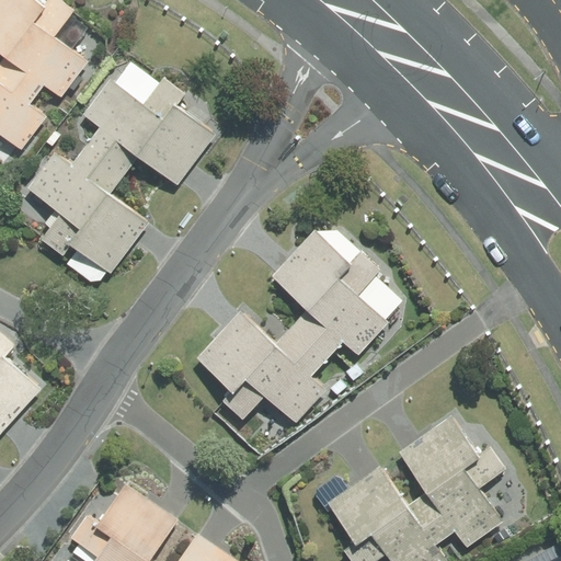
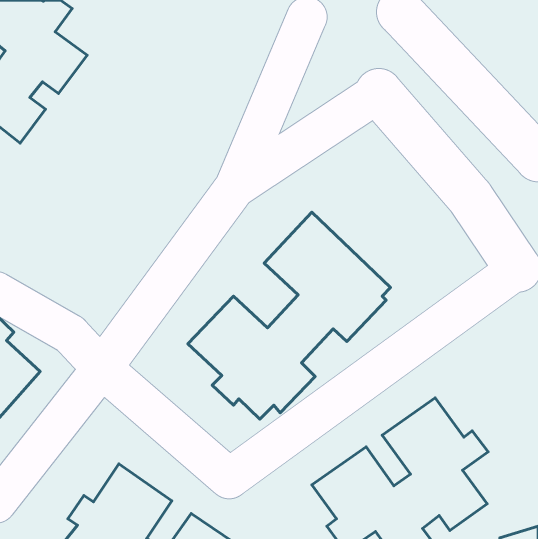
building: [26,58,218,286] -> none

